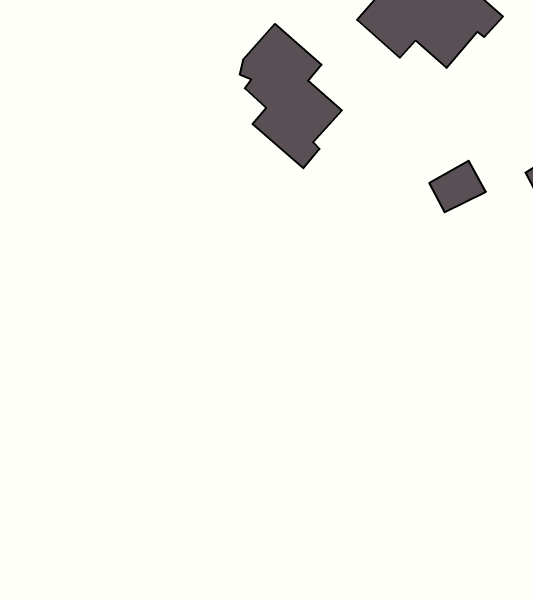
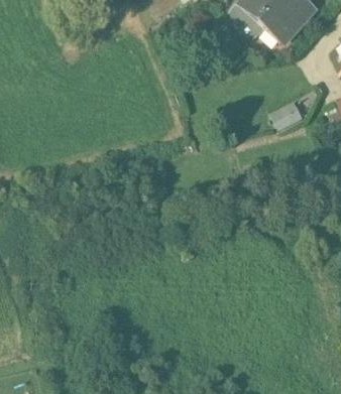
building: [240,24,342,168] -> none

